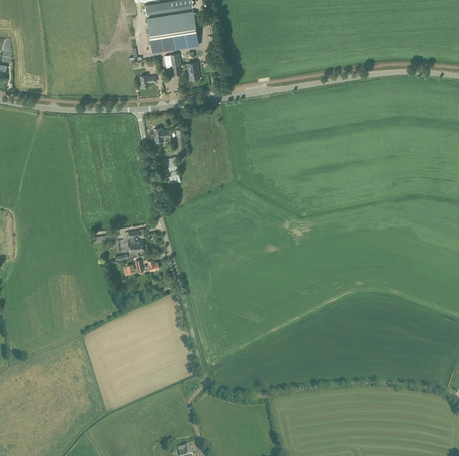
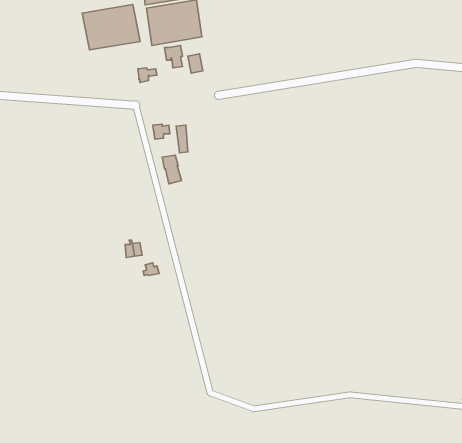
building: none -> [82,4,140,50]

